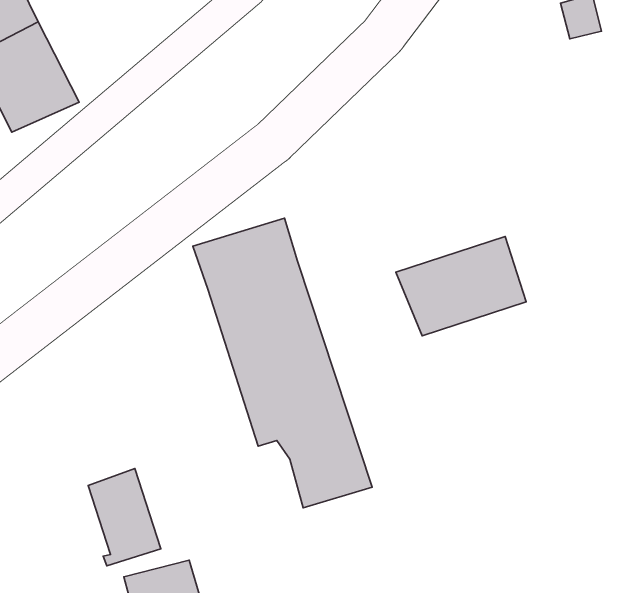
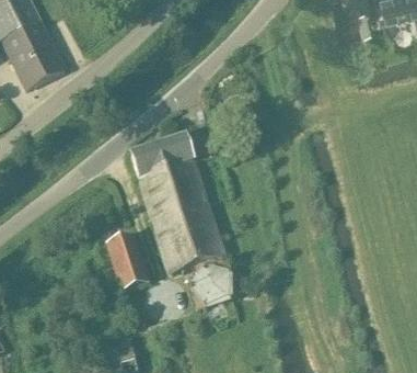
building: [396,237,526,336] -> none
building: [88,469,161,566] -> [106,236,149,293]

